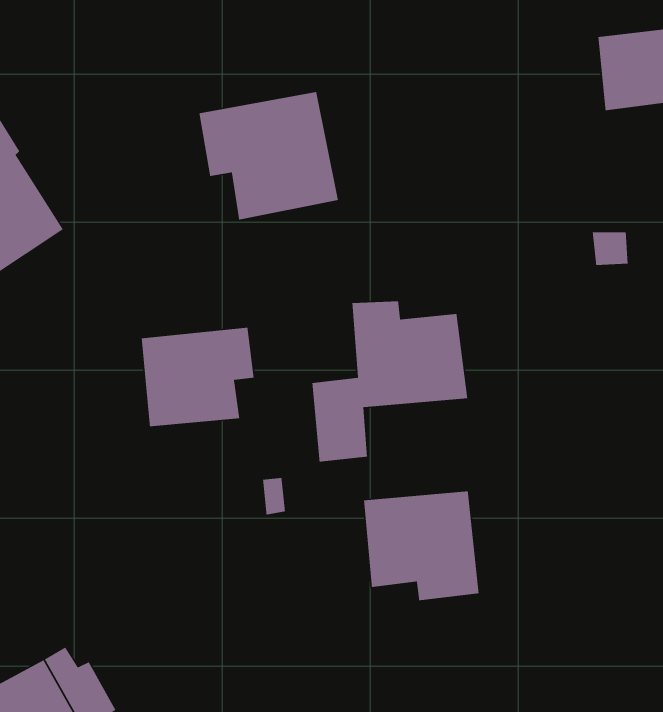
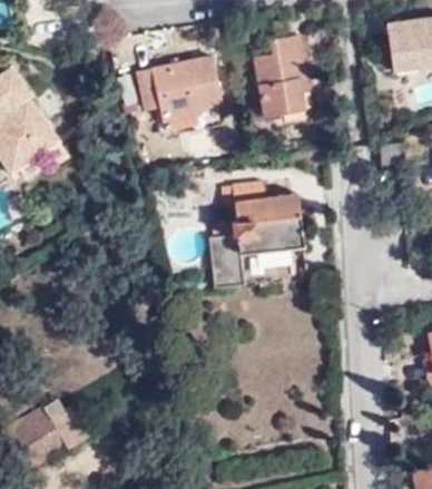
building: none -> [256,37,313,116]
building: [141,327,254,427] -> none
building: [363,490,480,601] -> none

